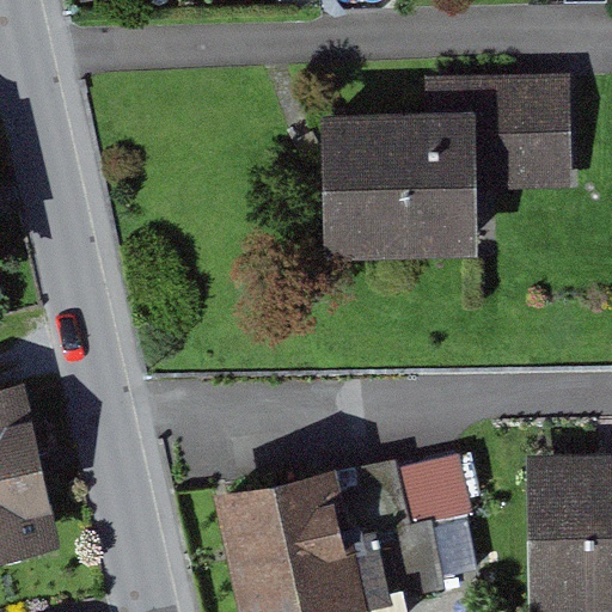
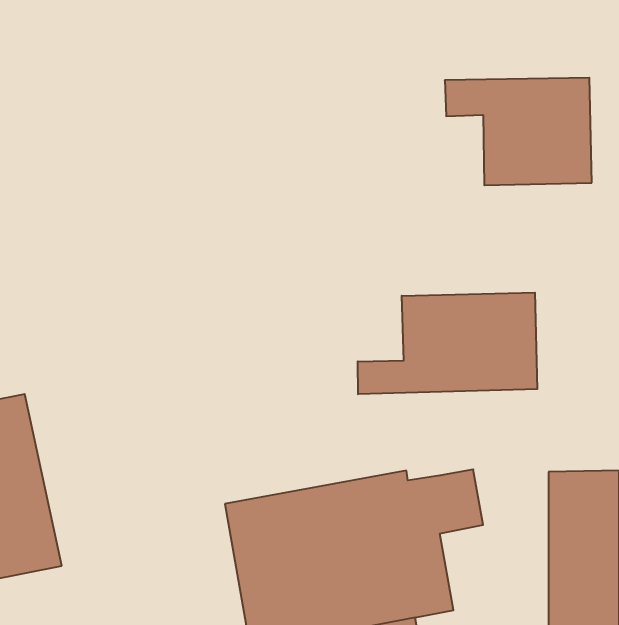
building: [323,117,471,253] -> none
building: none -> [358,293,537,394]

